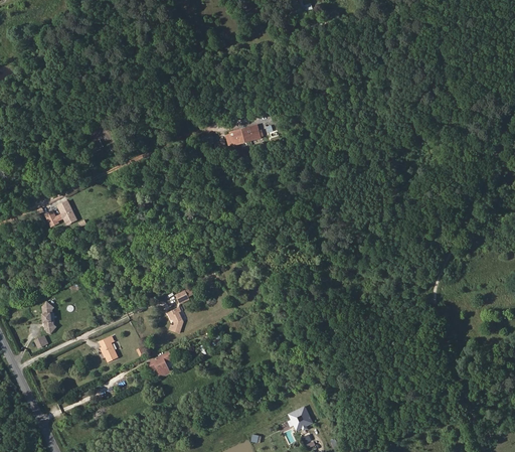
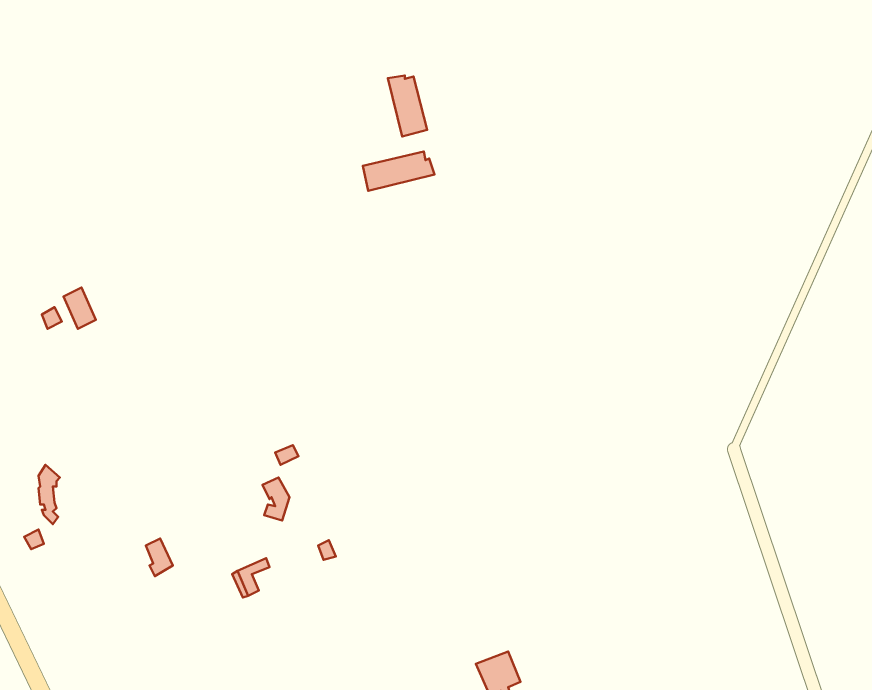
building: none -> [388,75,427,137]

